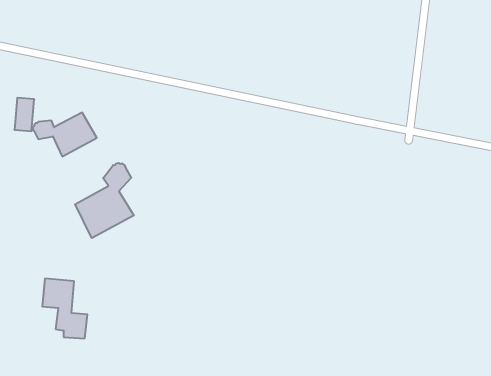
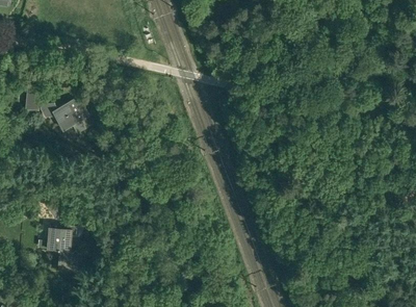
building: [75,163,134,238] -> none

